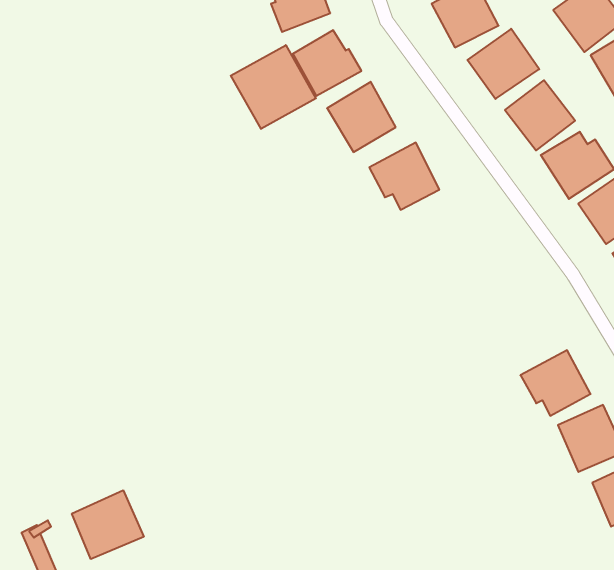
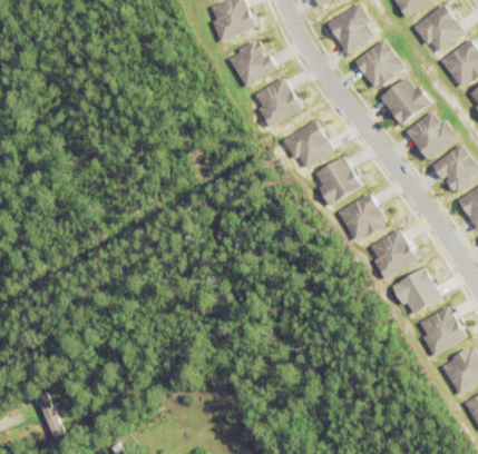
building: [231,45,316,129] -> none
building: none -> [313,156,361,205]
building: none -> [339,194,387,241]
building: none -> [368,229,417,279]
building: [72,490,144,559] -> none

